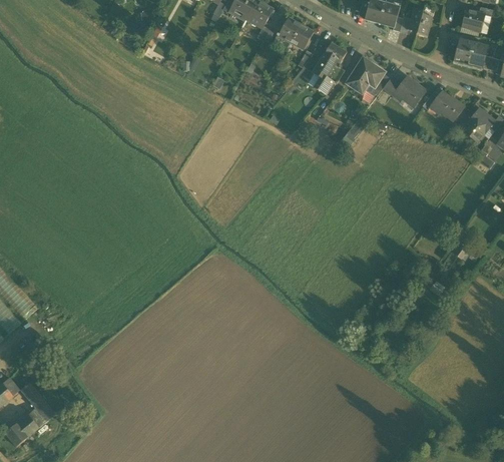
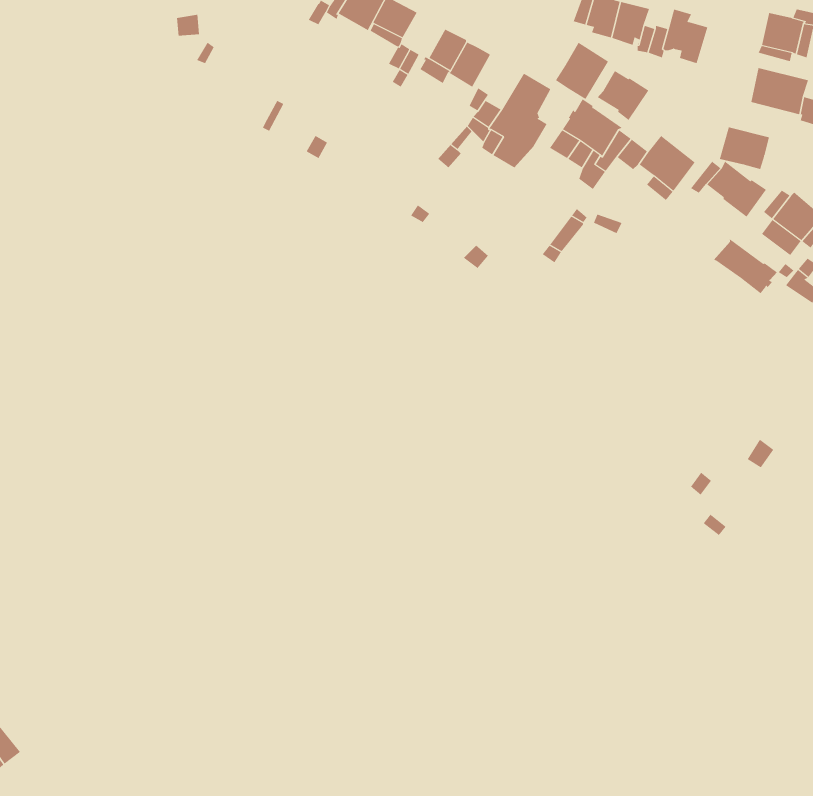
building: none -> [555,42,609,100]
building: none -> [597,70,649,121]
building: none -> [719,127,770,170]
building: none -> [713,238,778,294]

